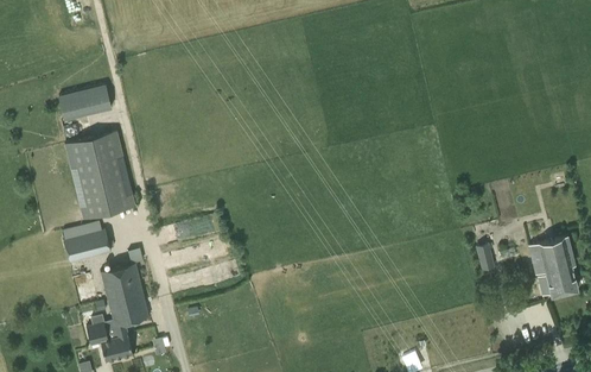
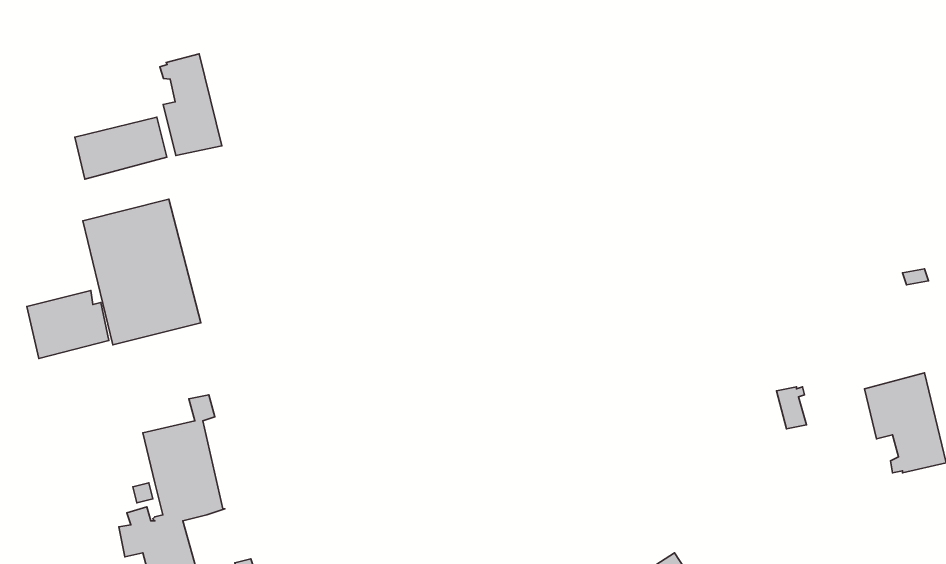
building: none -> [160,54,222,156]
building: [62,223,110,264] -> [27,291,109,359]

